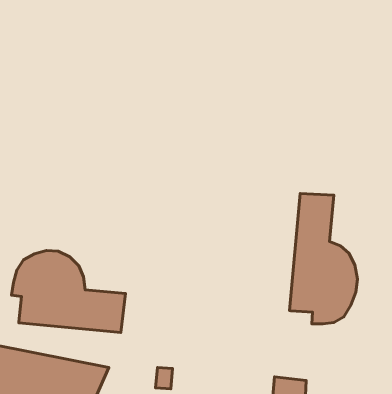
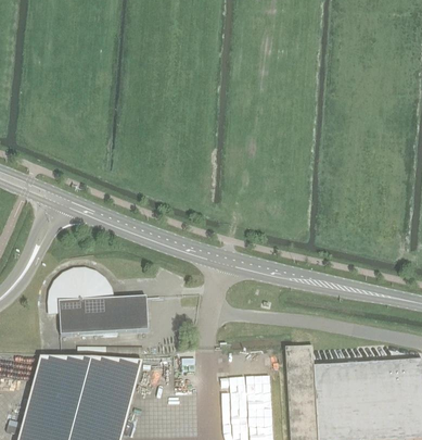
building: [290,193,358,324] -> none

